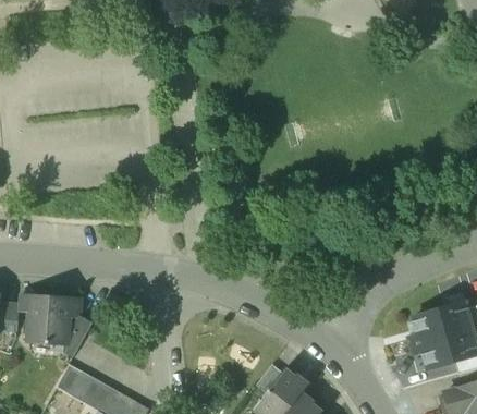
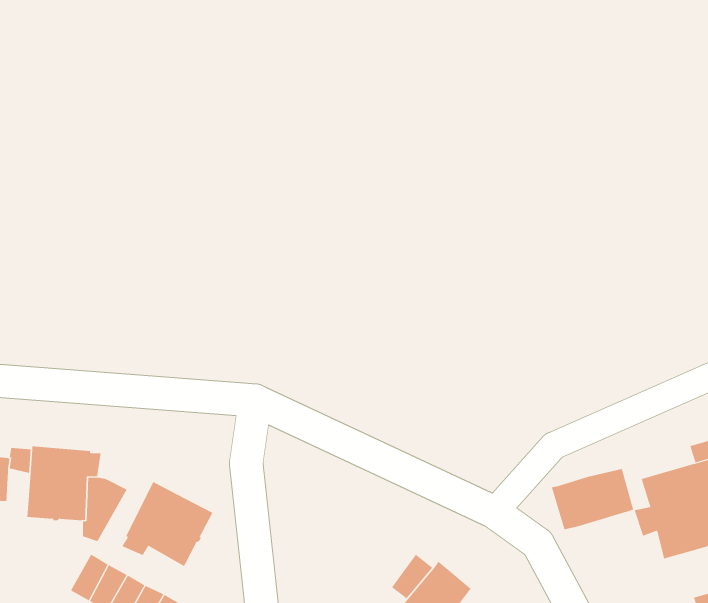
building: none -> [551,468,634,530]
building: none -> [121,481,213,567]

